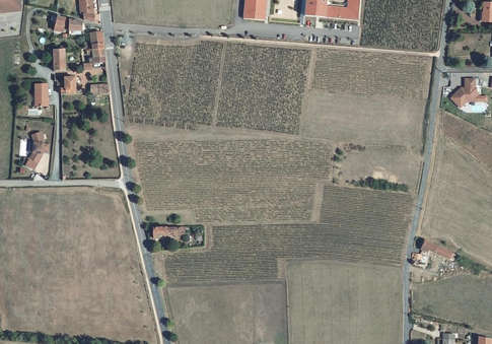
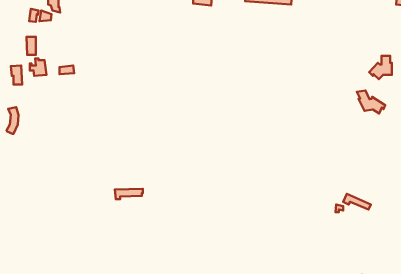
building: [84,39,102,69] -> none
building: none -> [357,91,385,113]

